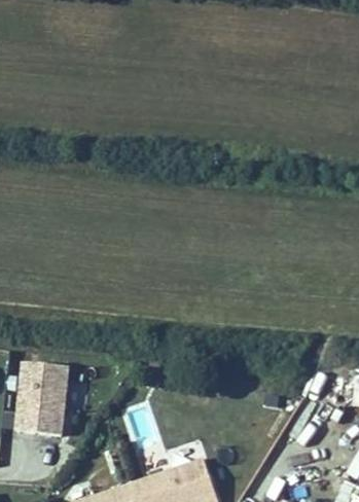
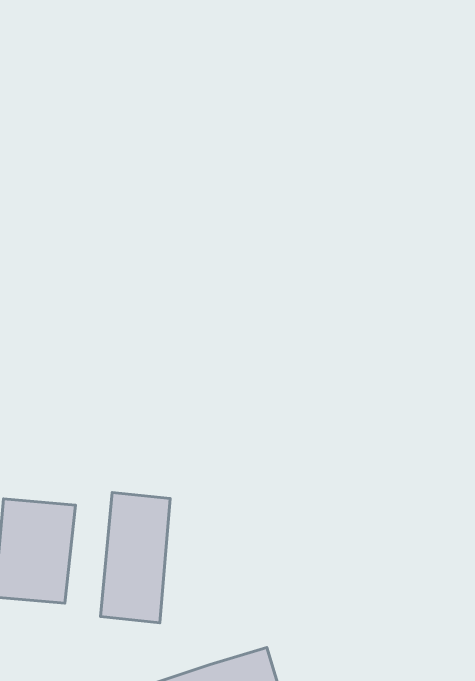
building: none -> [101,492,170,623]

